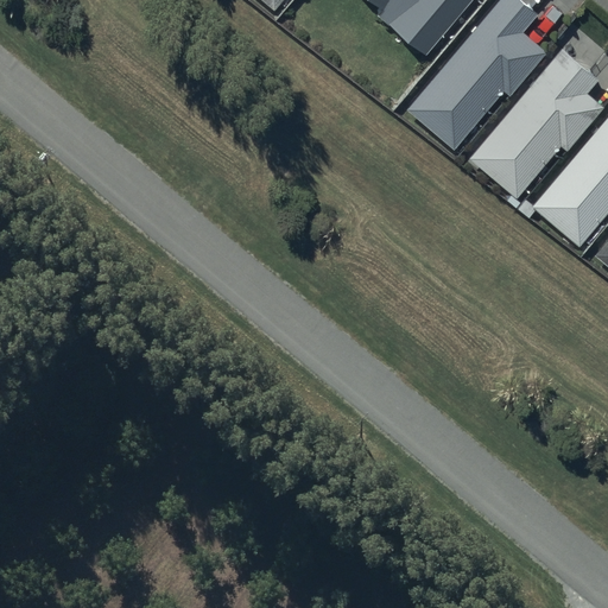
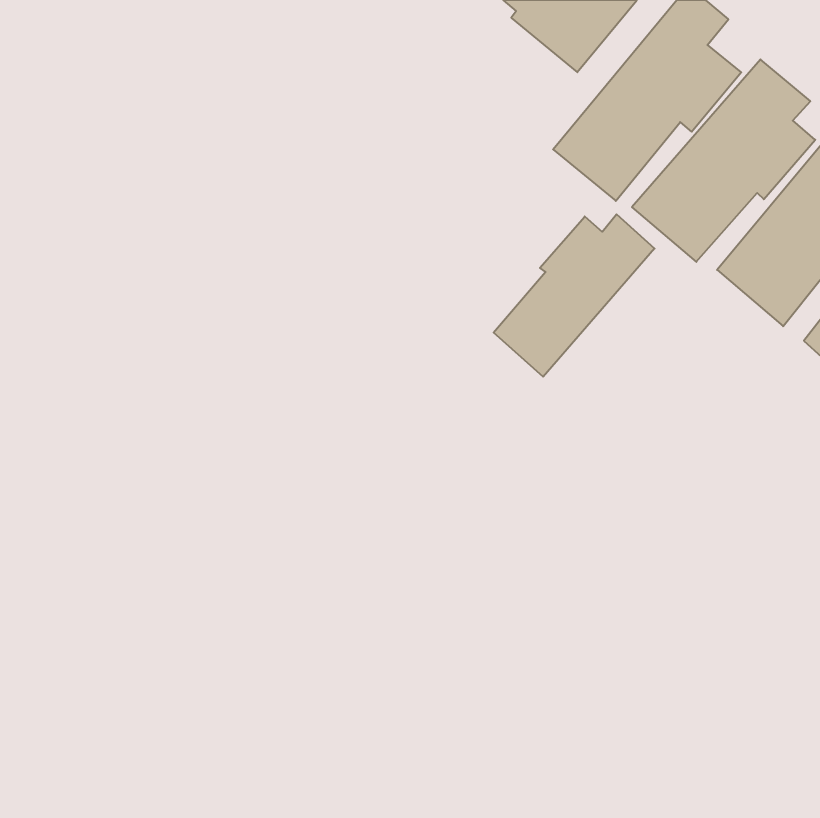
building: none -> [494,214,655,377]

